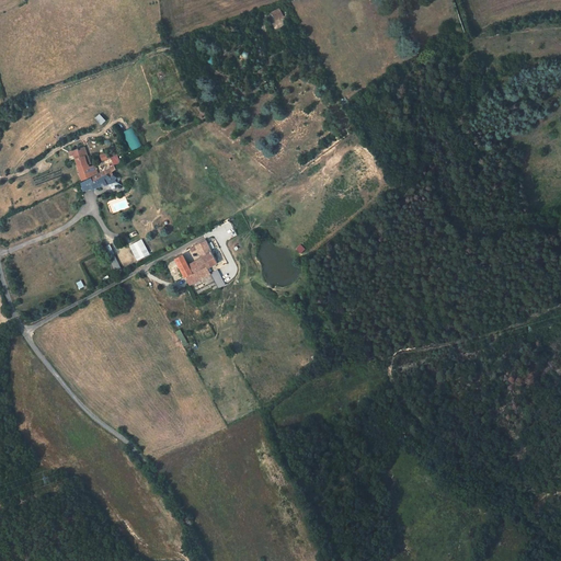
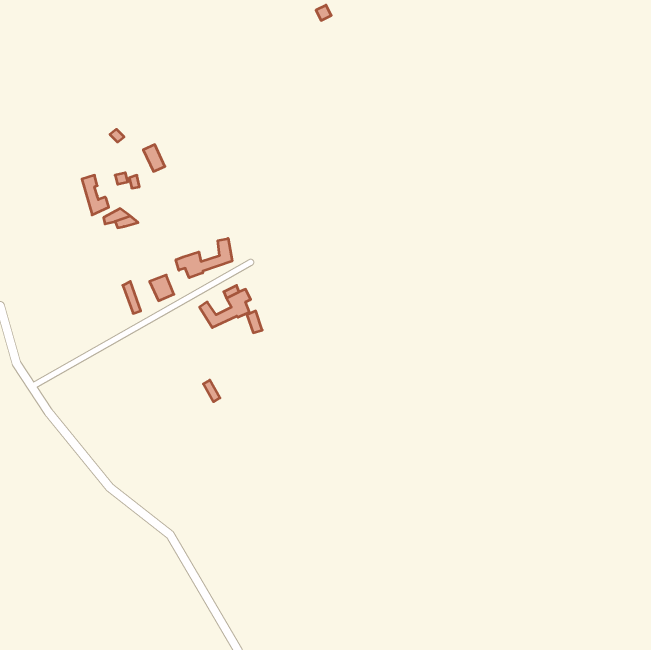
building: none -> [176,238,232,278]

